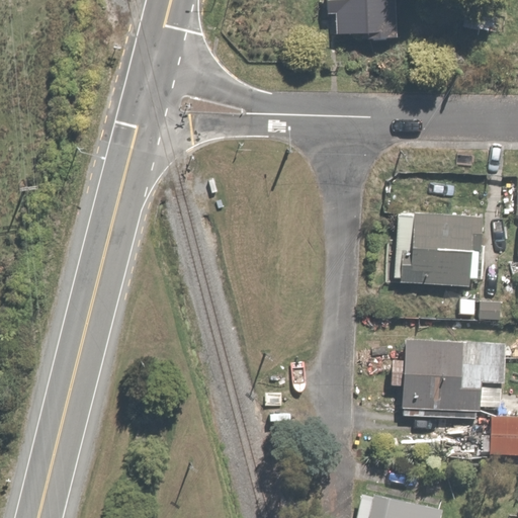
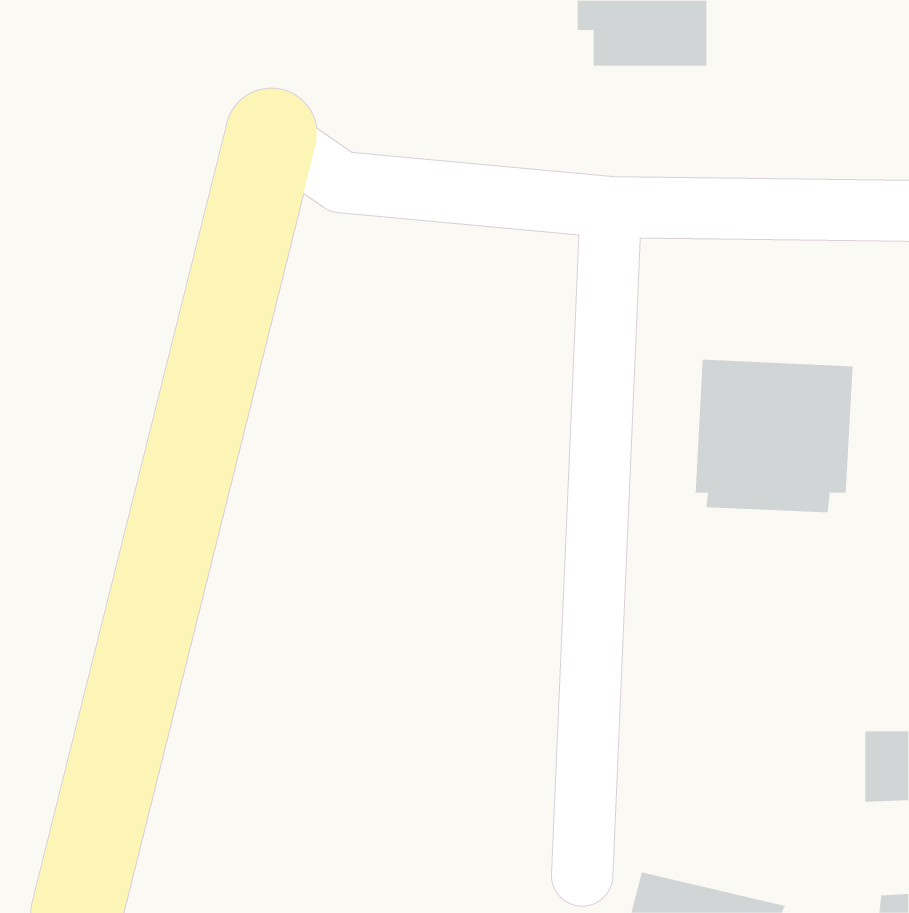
building: [393,334,507,421] -> none

